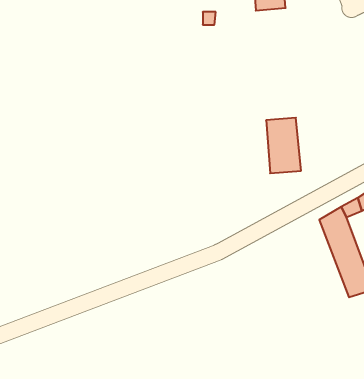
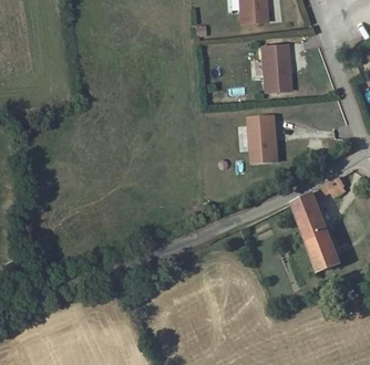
building: none -> [265,46,294,94]

